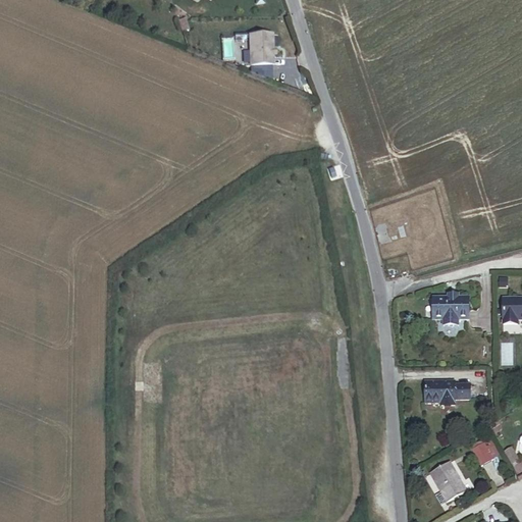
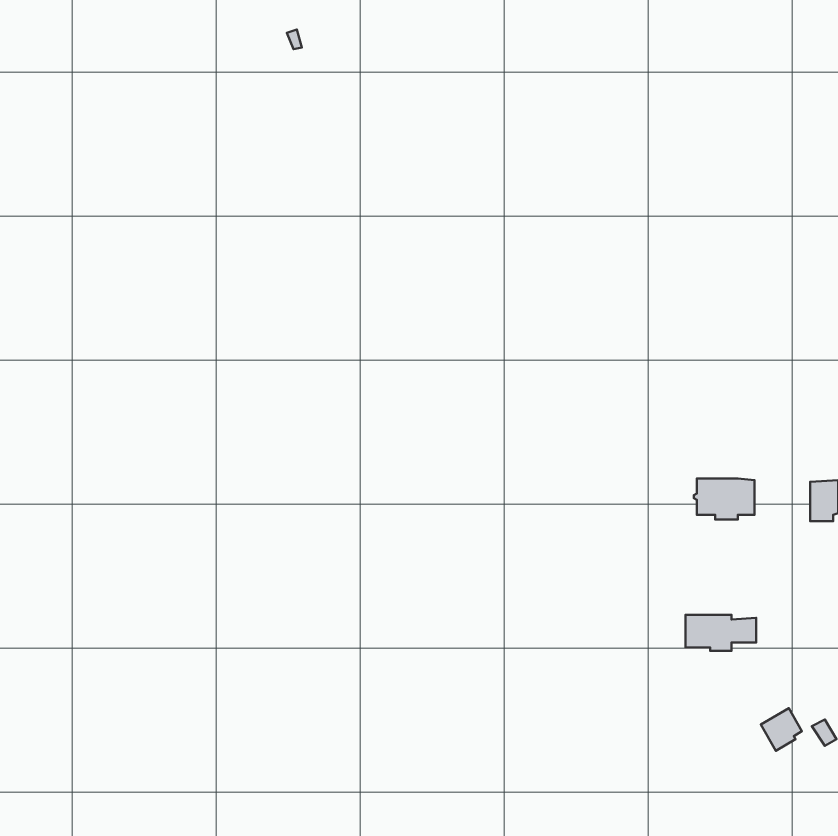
building: [249,35,274,64] -> none
building: [431,458,467,499] -> none

